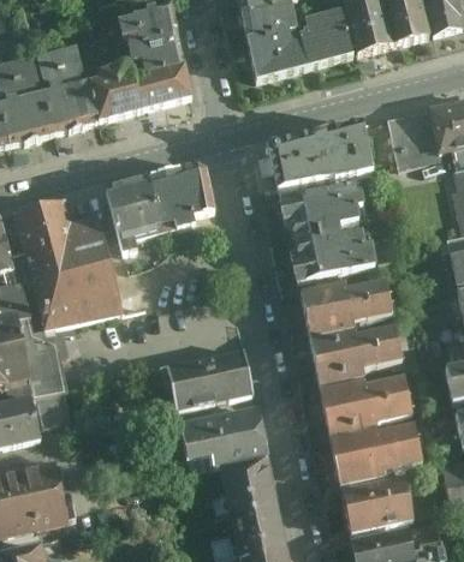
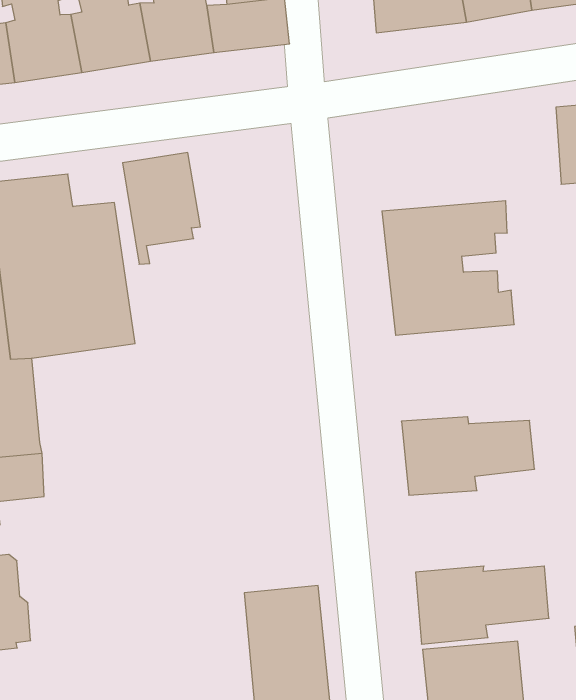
building: [264,121,373,189] -> none
building: [142,161,215,227] -> none
building: [297,280,393,339] -> none
building: [165,348,252,411] -> none
building: [319,377,412,440] -> none
building: [177,407,264,468] -> none

